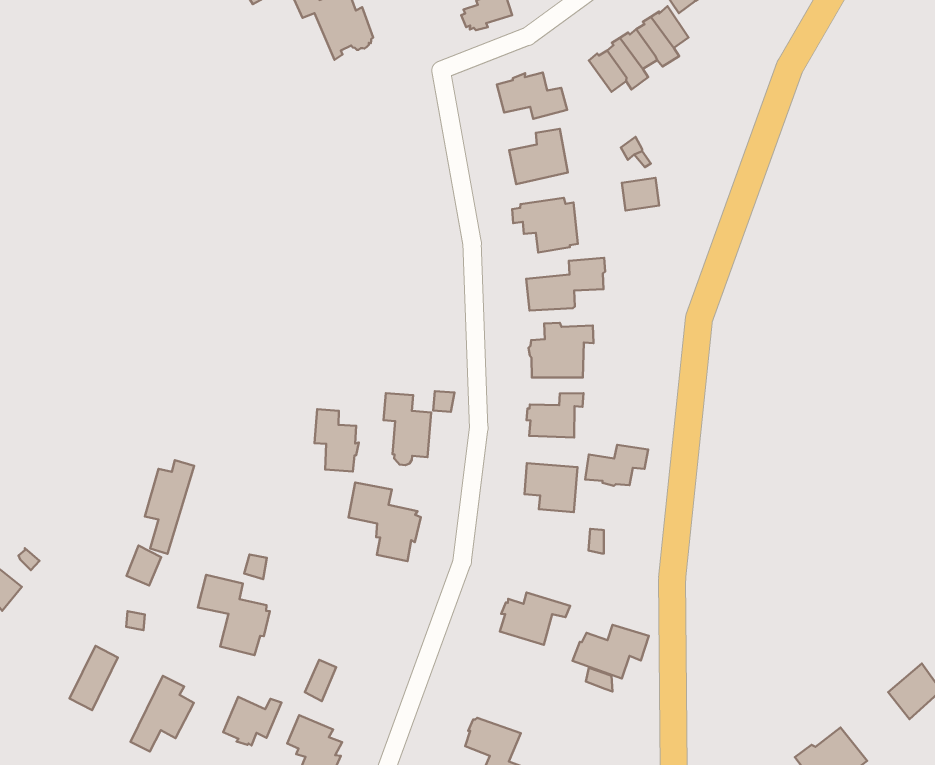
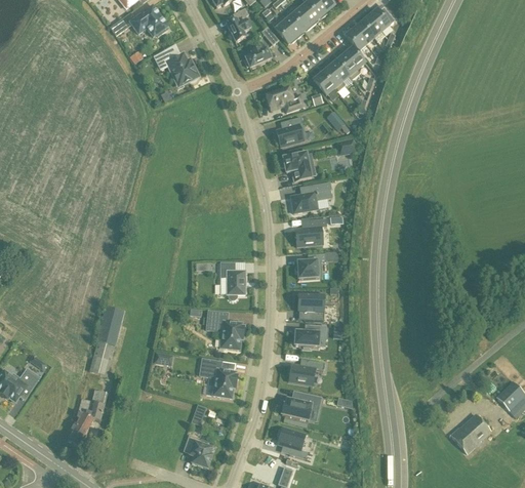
building: [314,409,359,472] -> none
building: [585,445,648,486] -> [294,325,326,347]
building: [198,575,270,655] -> [199,357,237,397]
building: [572,625,649,679] -> [281,393,320,420]
building: [131,676,194,751] -> none
building: [223,697,282,746] -> none

